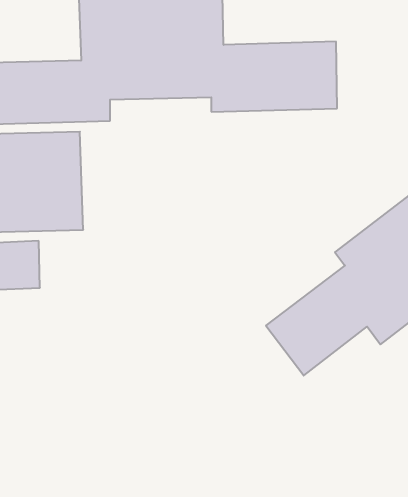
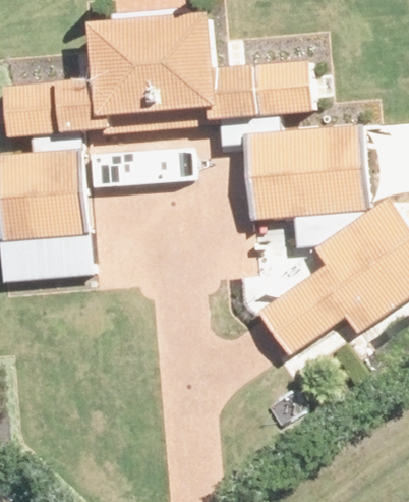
building: none -> [240,124,369,213]

